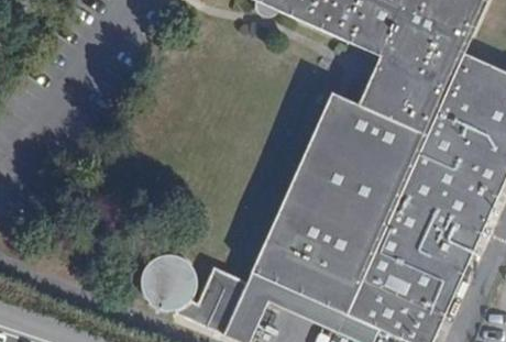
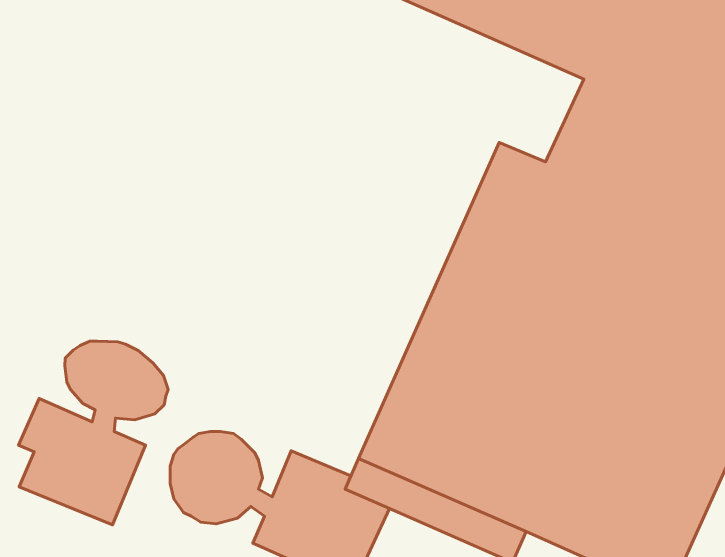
building: none -> [18,341,168,525]

